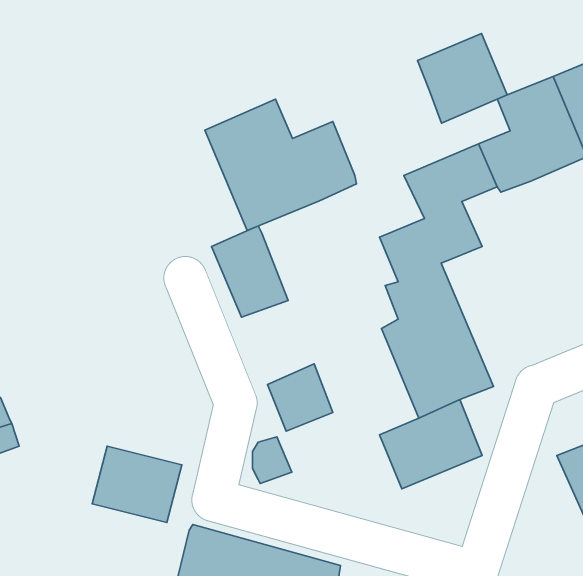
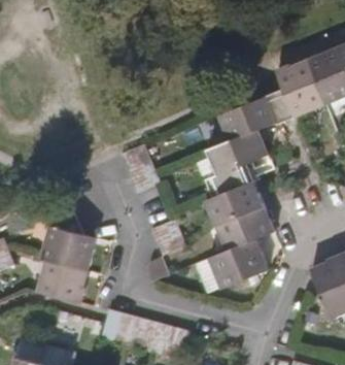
building: [417,34,507,123] -> none
building: [205,99,356,230] -> none
building: none -> [55,230,110,274]

